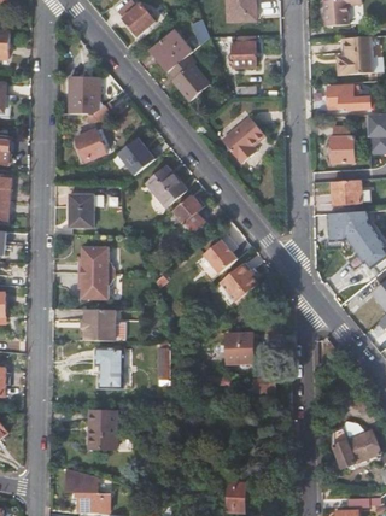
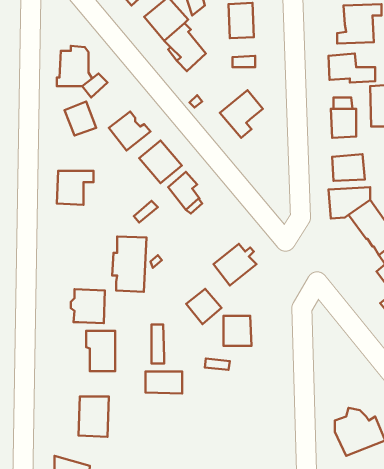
building: [203,241,236,275] -> [186,289,221,324]
building: [77,246,110,299] -> [112,236,146,292]
building: none -> [146,371,182,393]

